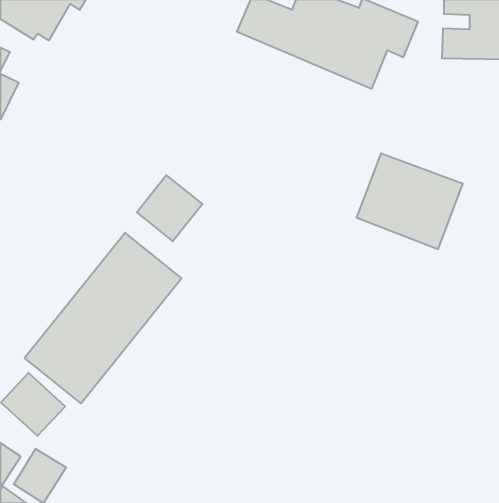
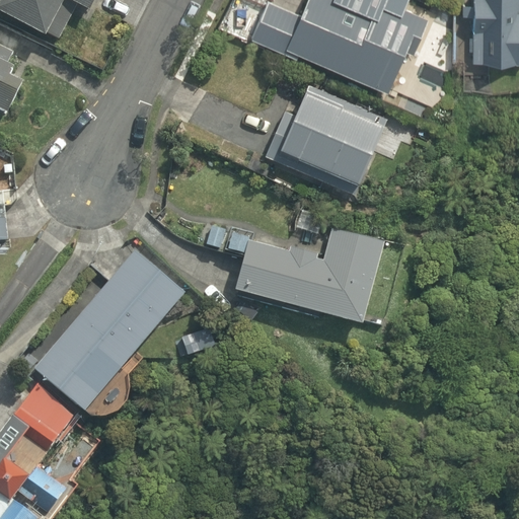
building: [356,153,463,249] -> [272,92,381,191]
building: [137,175,202,241] -> none
building: none -> [233,209,379,326]

